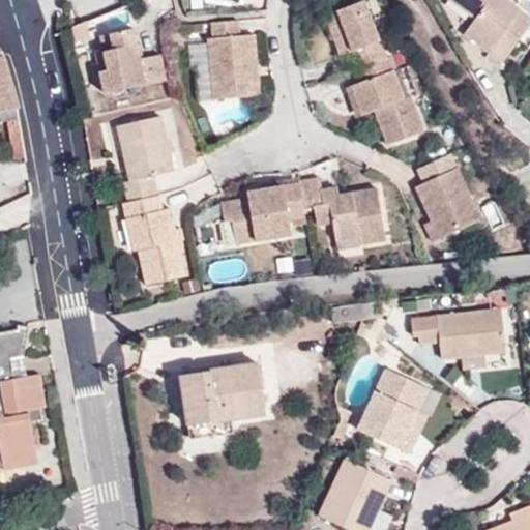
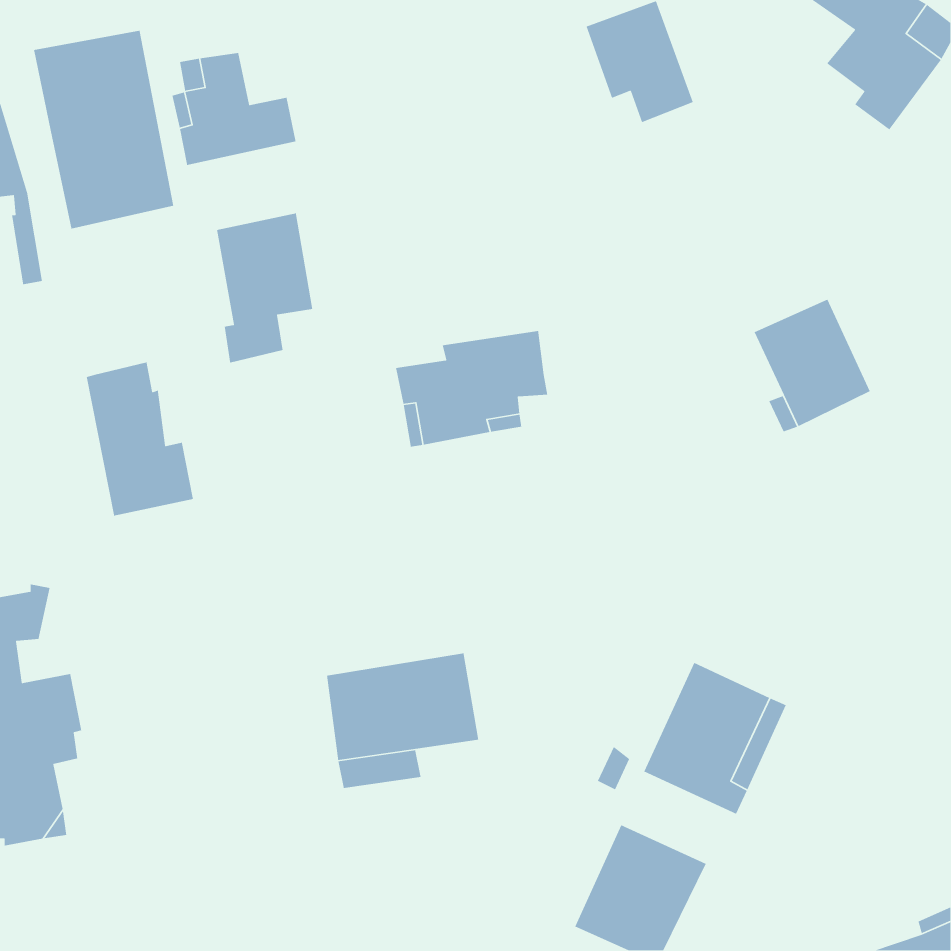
building: none -> [33,30,174,229]
building: [207,20,258,99] -> none
building: [351,55,422,145] -> none
building: [298,177,385,243] -> none
building: [123,195,183,281] -> [86,362,194,516]
building: [411,306,505,367] -> none

